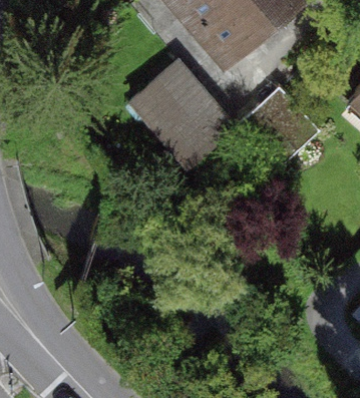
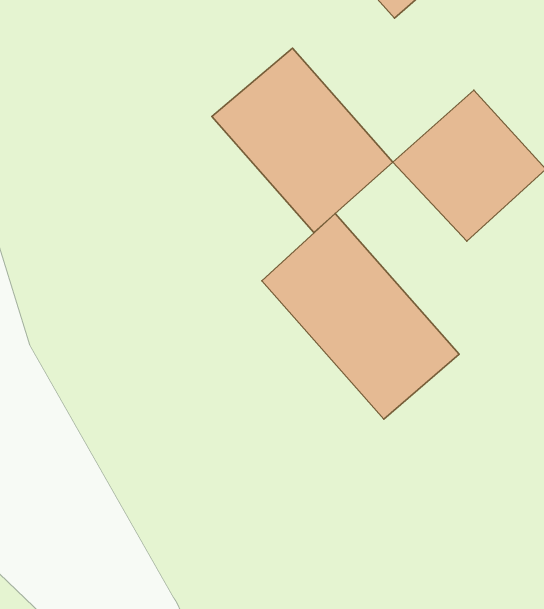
building: none -> [262,213,459,419]

